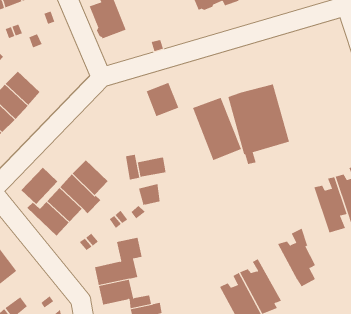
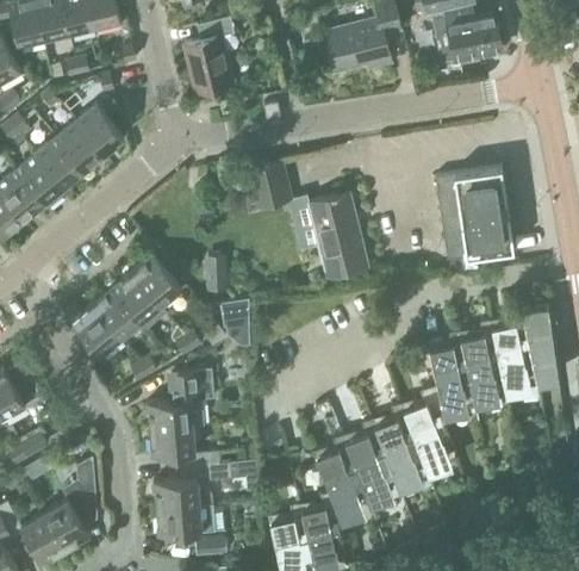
building: none -> [76,105,125,156]
building: [227,84,290,165] -> [436,169,513,275]
building: [137,157,166,178] -> none
building: [21,167,58,205] -> none
building: none -> [429,334,473,420]
building: none -> [373,405,422,484]

